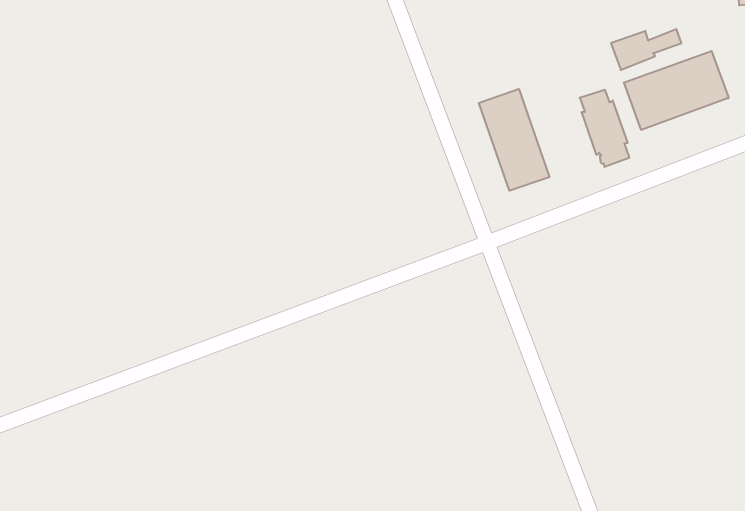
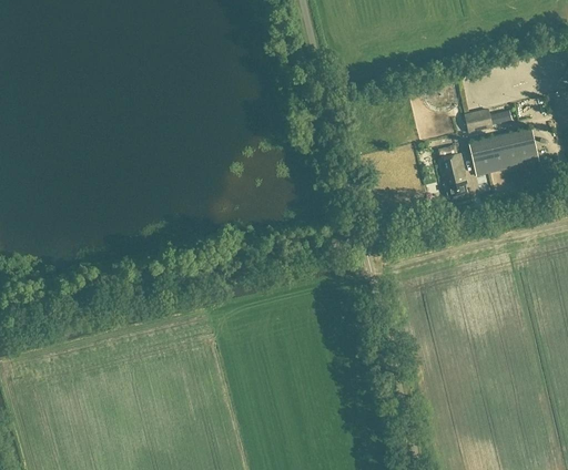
building: [479,89,550,191] -> none

